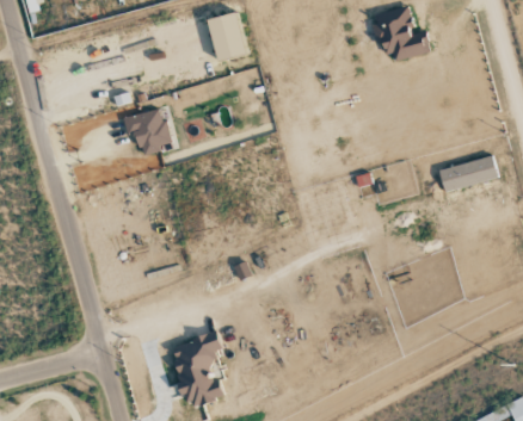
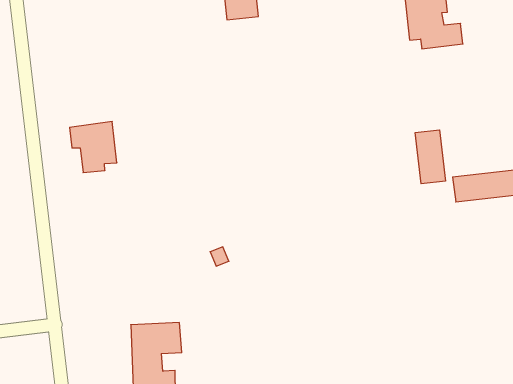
building: [124,107,171,156] -> [70,122,117,173]
building: none -> [415,130,445,184]

